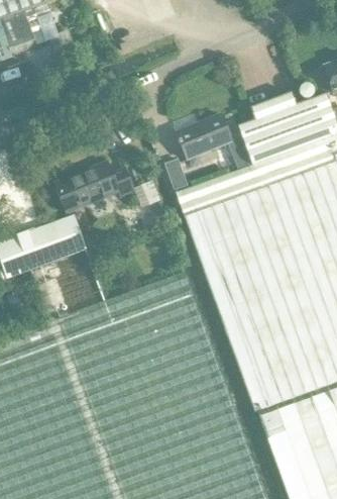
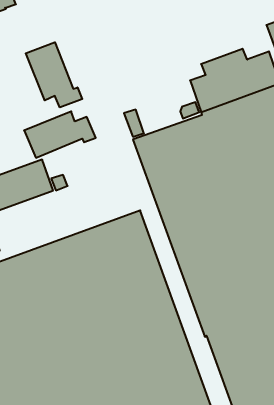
building: none -> [26,42,82,107]
building: [178,116,233,162] -> none

